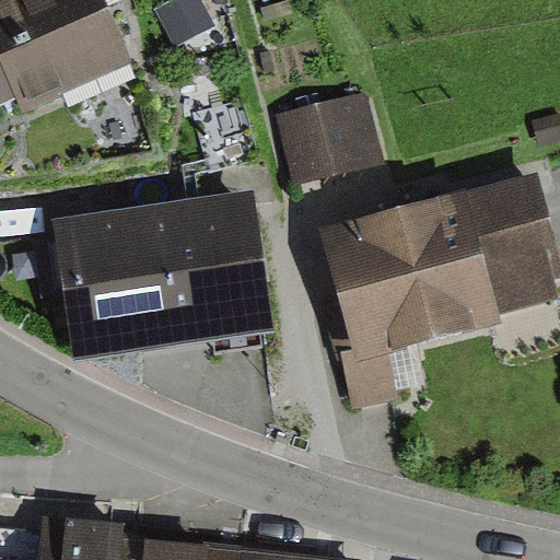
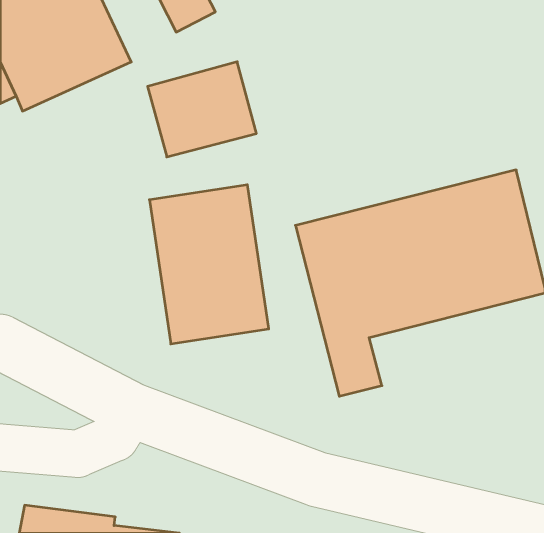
building: [277,84,388,182] -> [148,62,256,157]
building: [52,205,176,368] -> none

